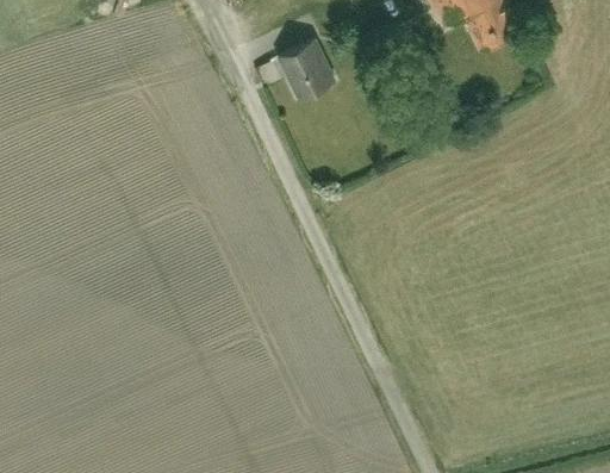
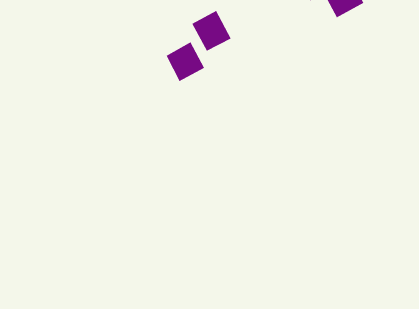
building: none -> [165,41,205,82]

